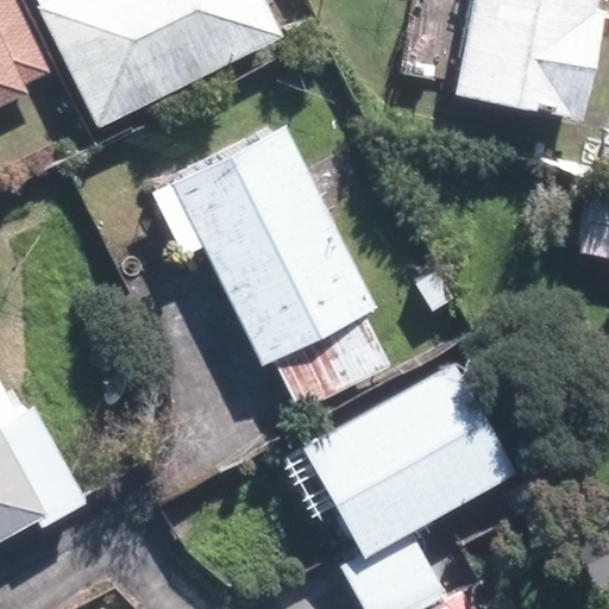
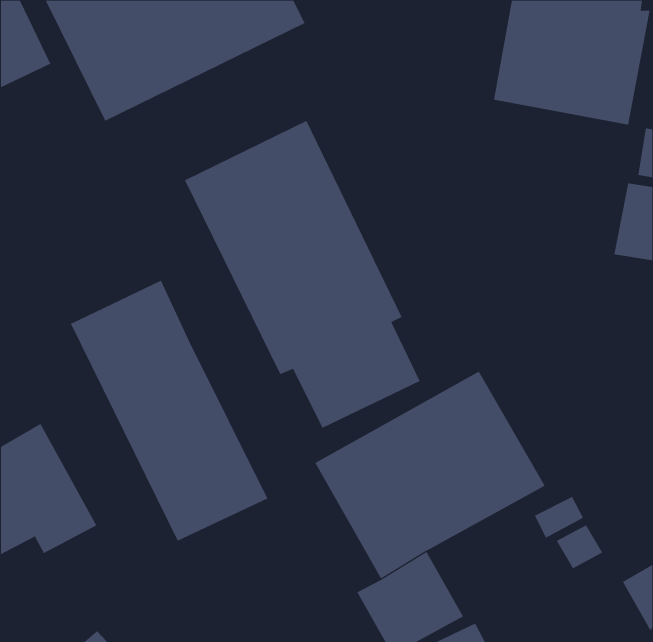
building: none -> [70,280,268,541]

